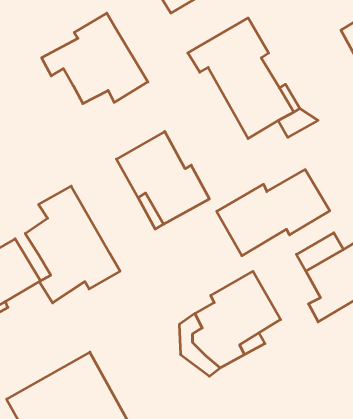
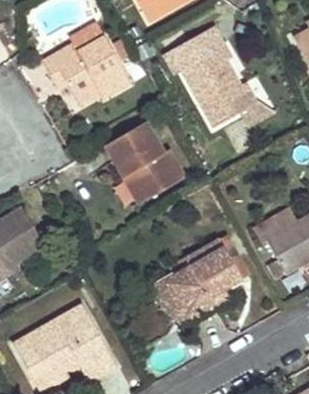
building: [217,170,330,256] -> none
building: [25,186,120,303] -> none

